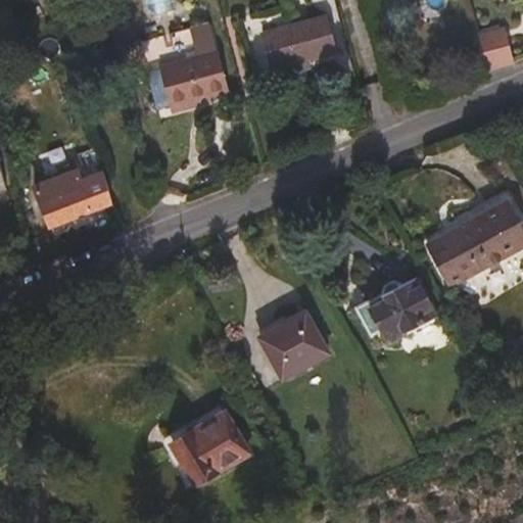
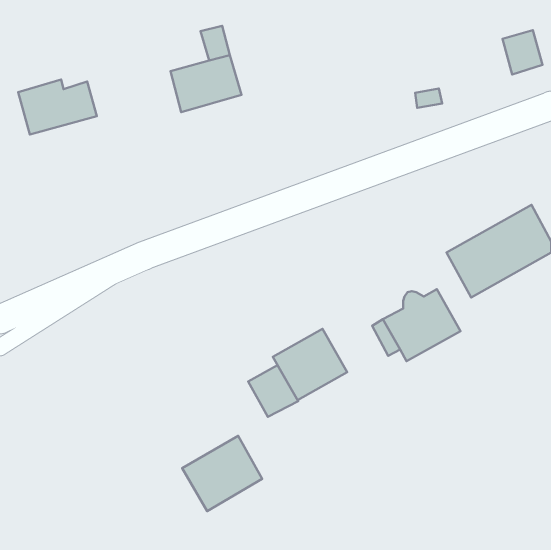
building: [263,16,334,70] -> none
building: [38,170,112,222] -> [18,79,97,134]
building: none -> [248,365,298,417]

